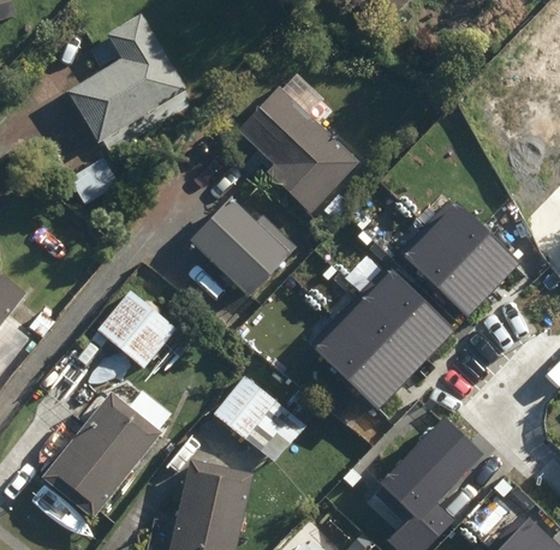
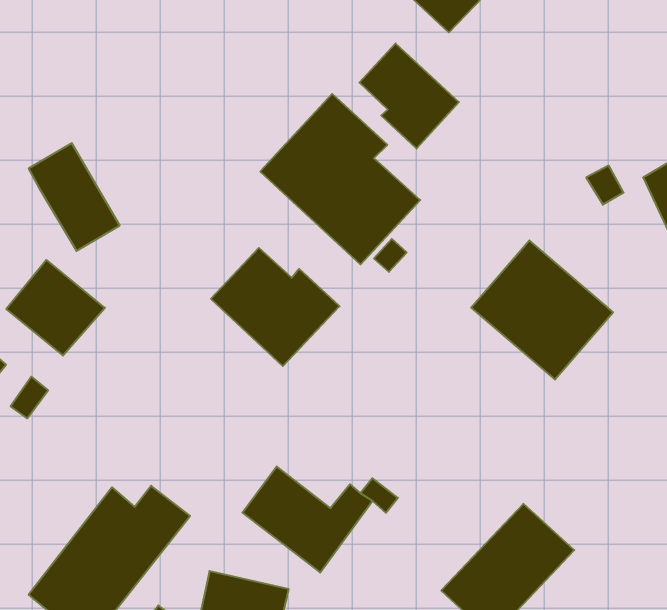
building: [68,18,187,149] -> none
building: none -> [359,43,459,149]
building: [314,263,449,399] -> none
building: [97,293,177,370] -> [6,260,105,356]

